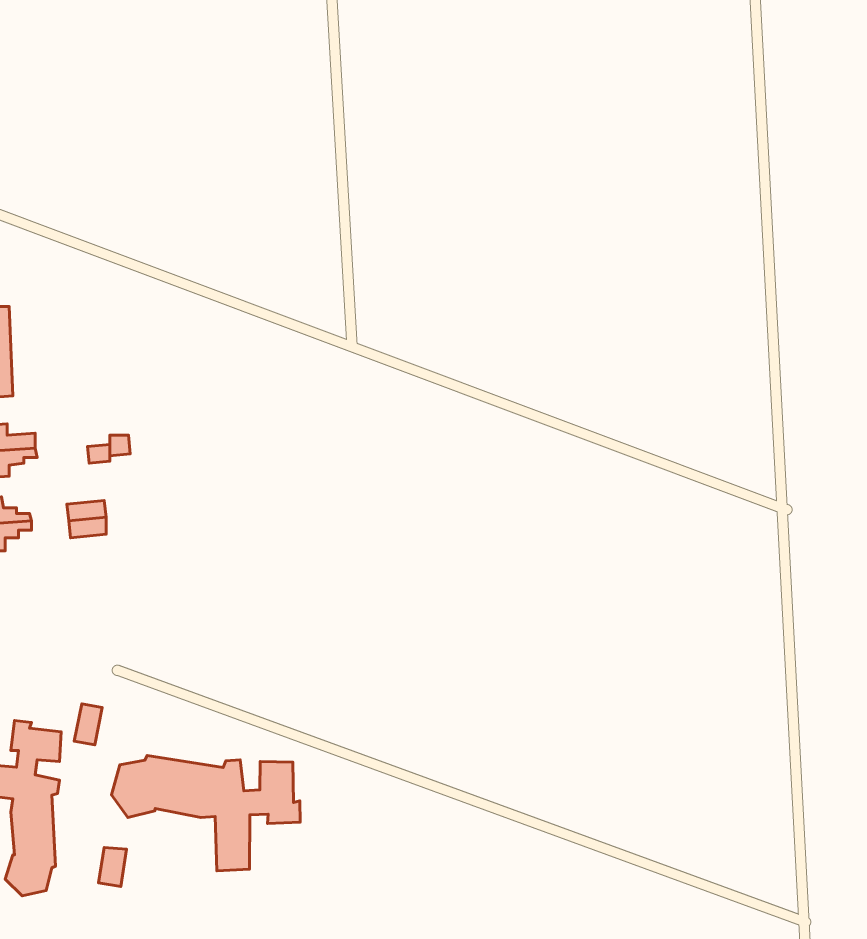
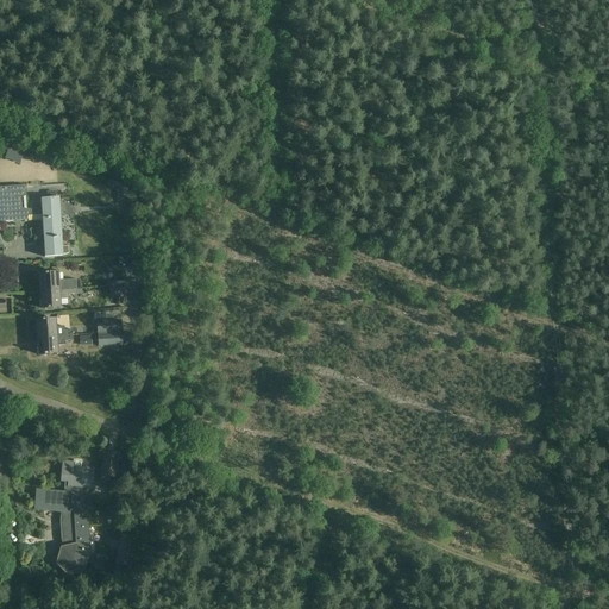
building: [111,756,300,871] -> none

